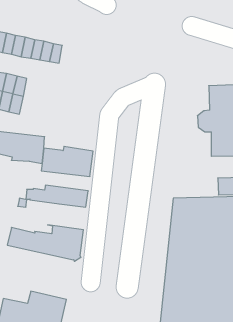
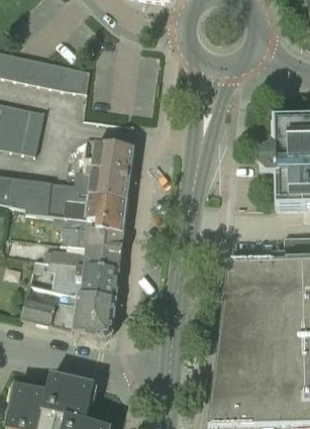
building: none -> [66,142,134,202]
building: none -> [62,226,123,251]
building: none -> [47,262,118,300]

